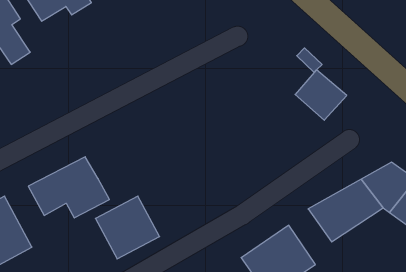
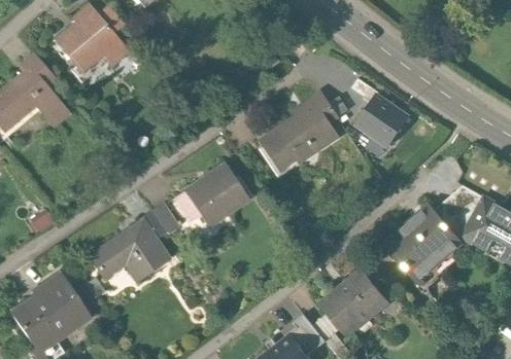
building: none -> [258,85,343,175]
building: none -> [142,201,181,239]
building: [95,196,160,259] -> [183,161,253,230]

